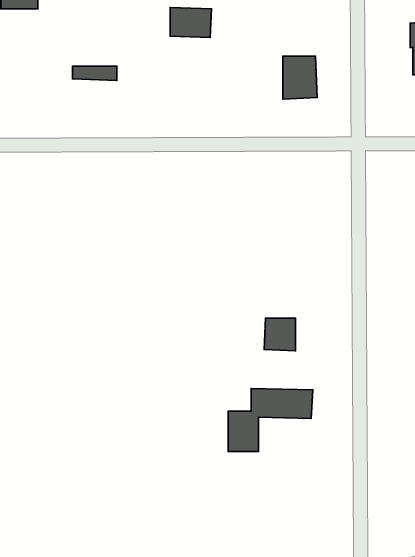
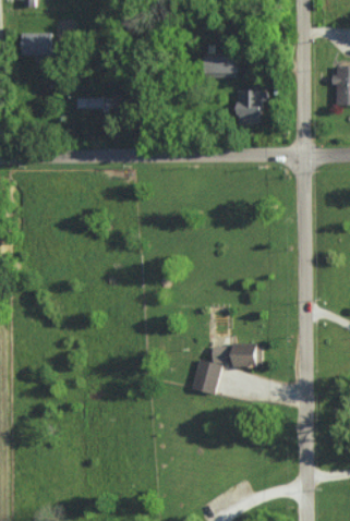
building: [170,7,212,37] -> [206,54,238,77]
building: [264,318,296,351] -> none

